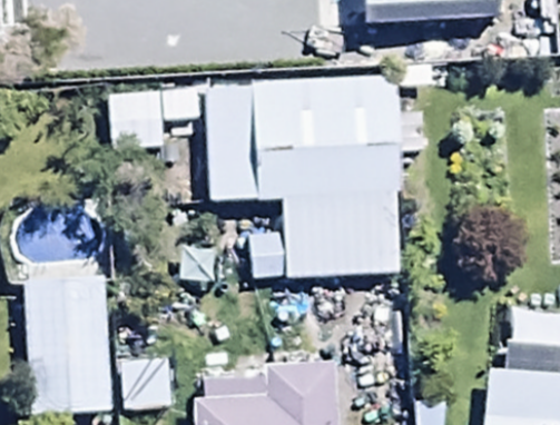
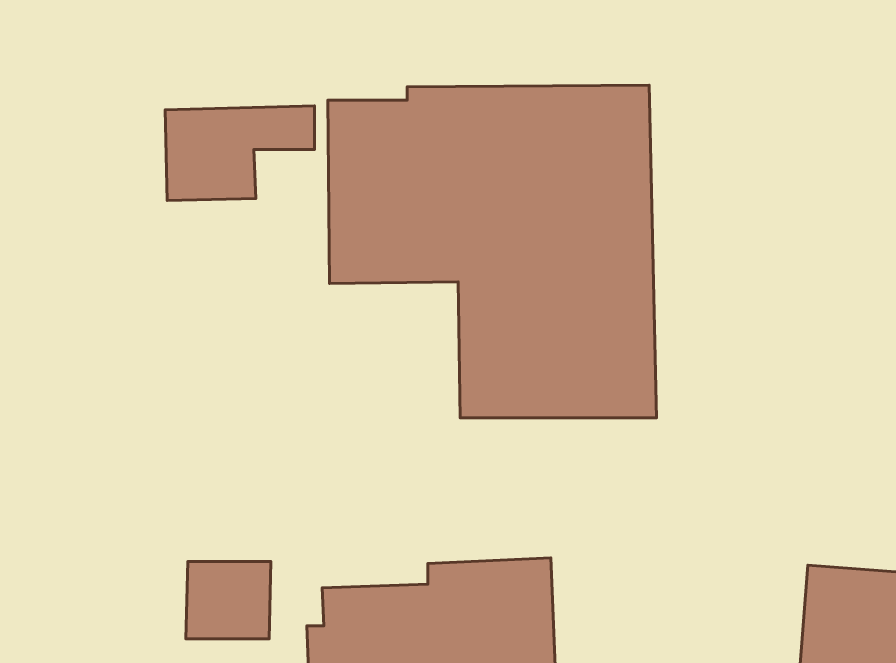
building: [23,276,112,414] -> none

